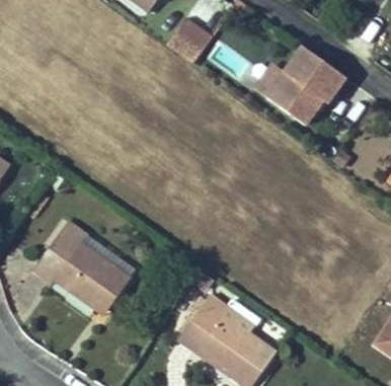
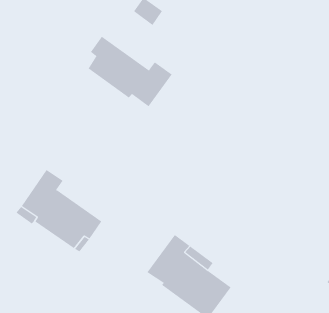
building: [251,43,345,127] -> none
building: none -> [88,36,172,107]

